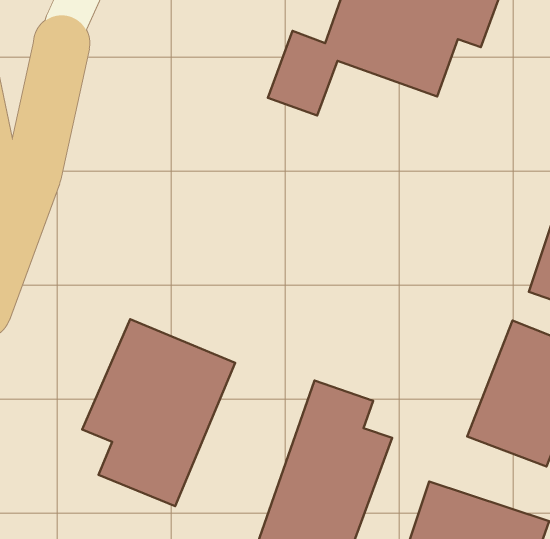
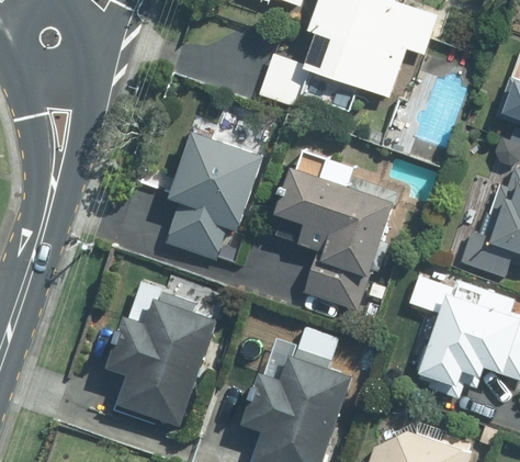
building: none -> [154,129,265,267]
building: none -> [265,162,396,306]

